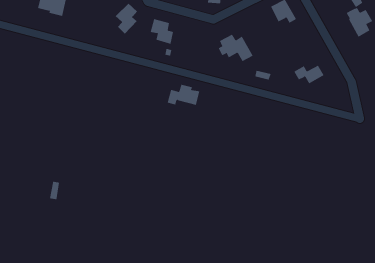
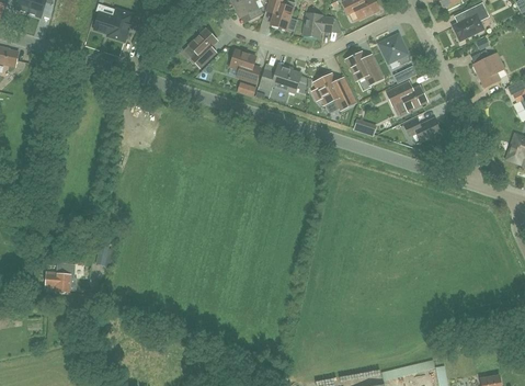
building: none -> [345,52,381,84]
building: none -> [385,81,425,110]
building: [167,84,200,106] -> [259,64,300,91]
building: none -> [45,264,76,292]

